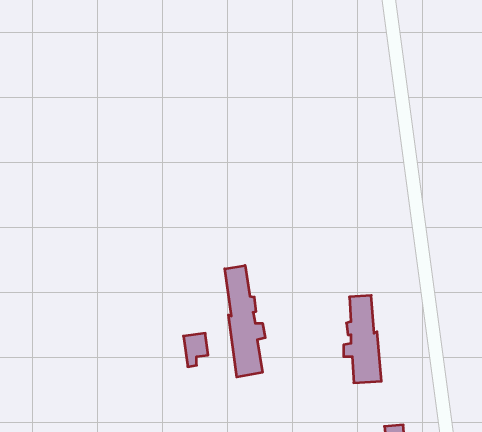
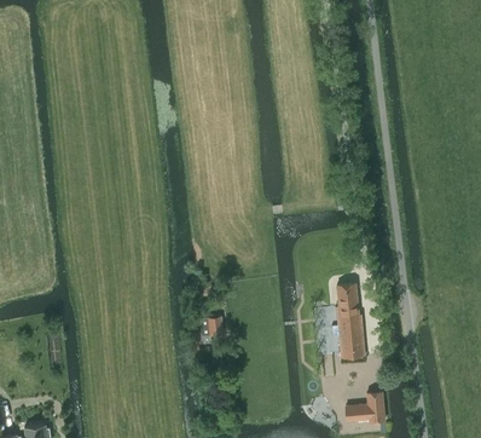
building: [225,265,265,377] -> none

